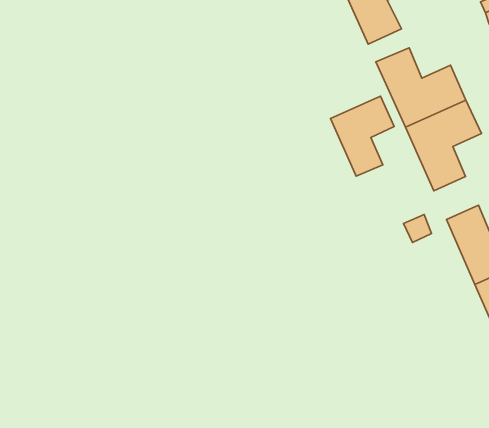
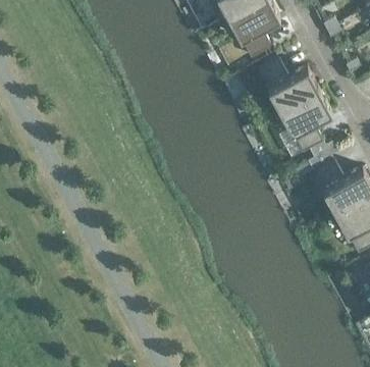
building: [330,96,394,176] -> none

